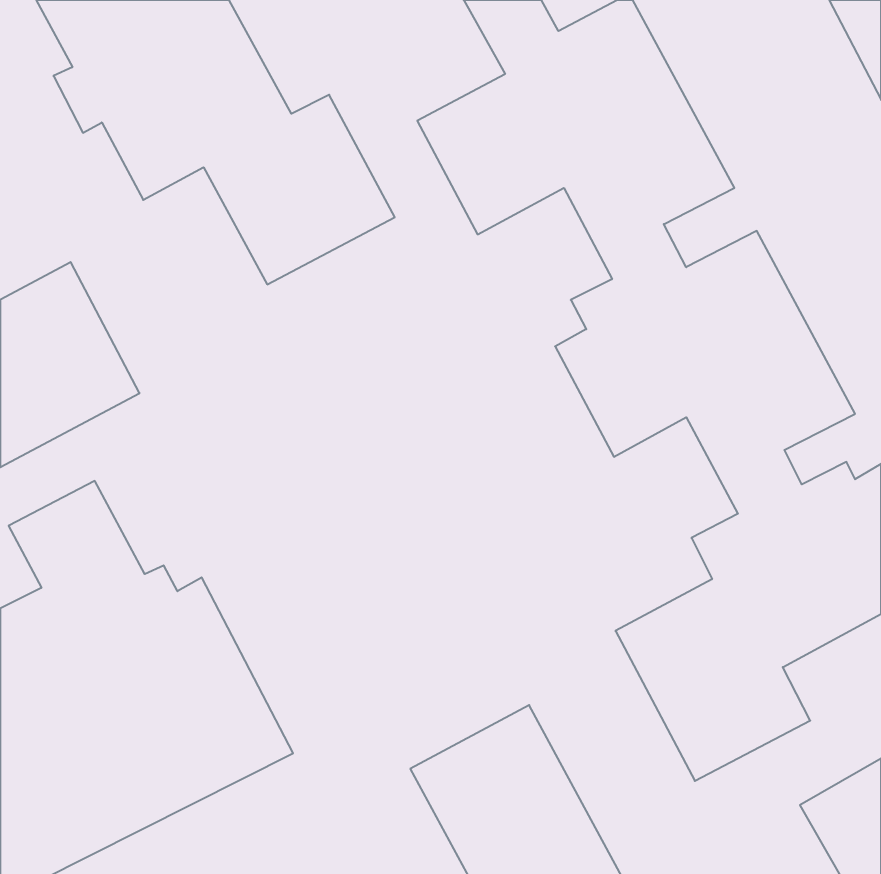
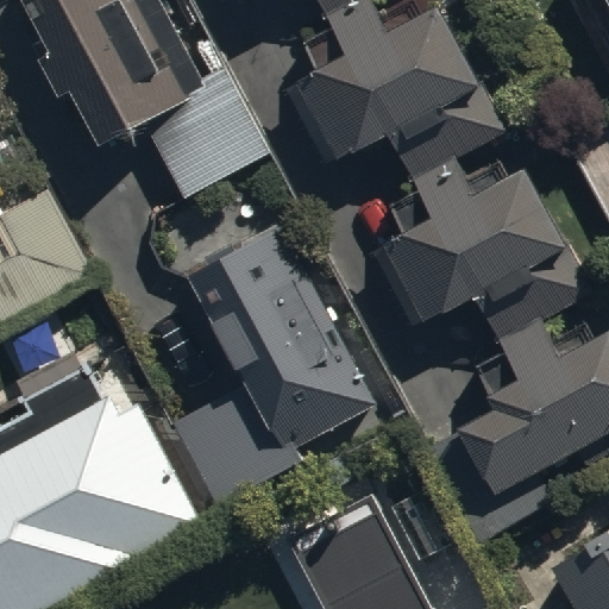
building: none -> [178,226,373,508]

